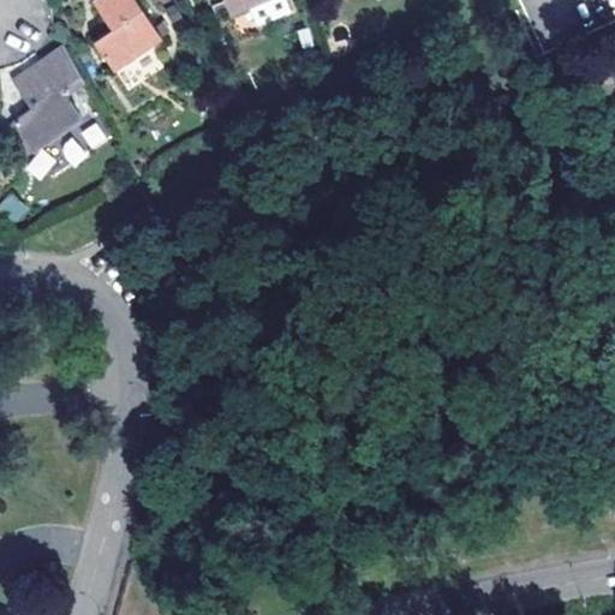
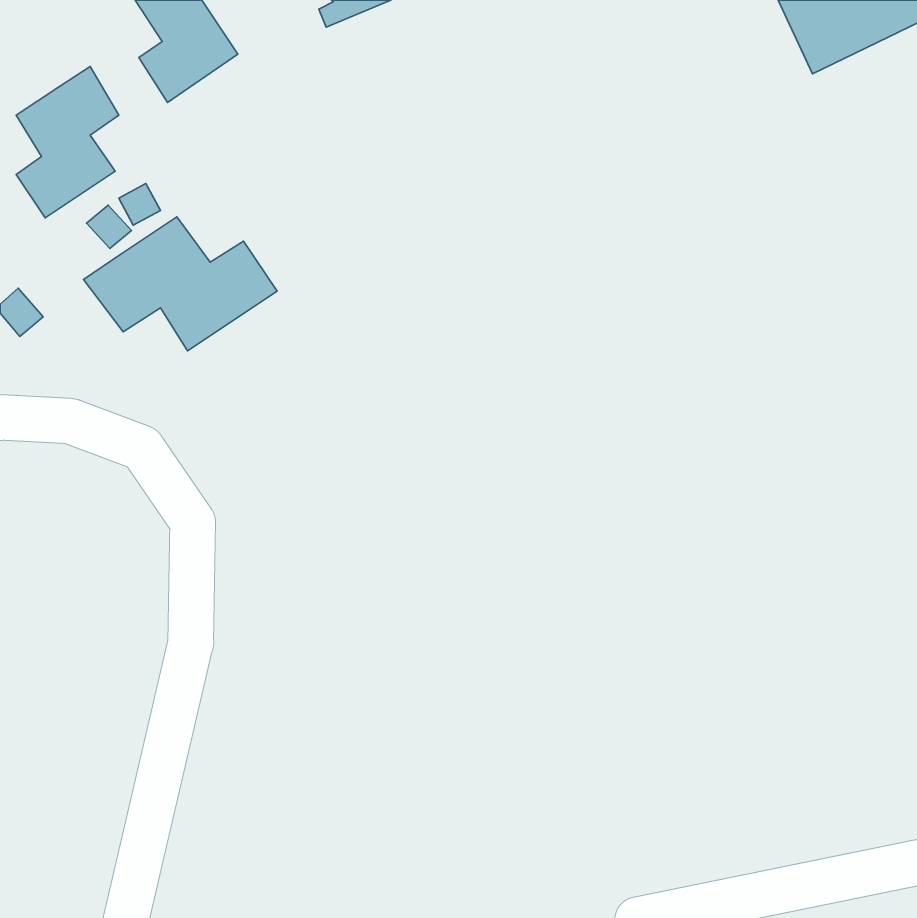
building: none -> [84,217,277,351]

